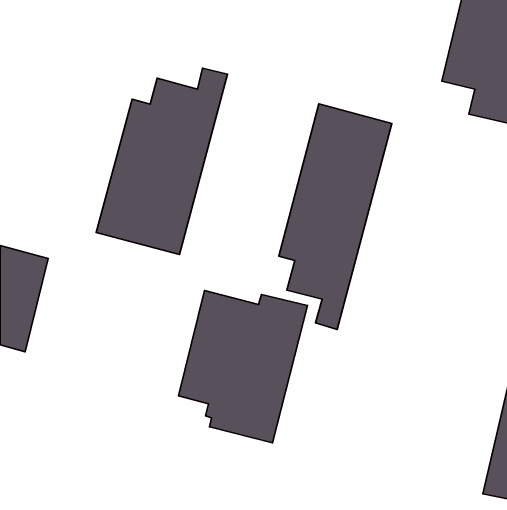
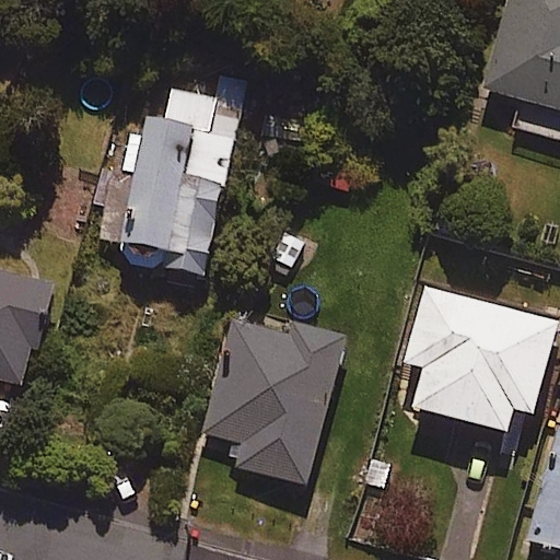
building: [279,104,392,329] -> none
building: none -> [401,284,555,432]

